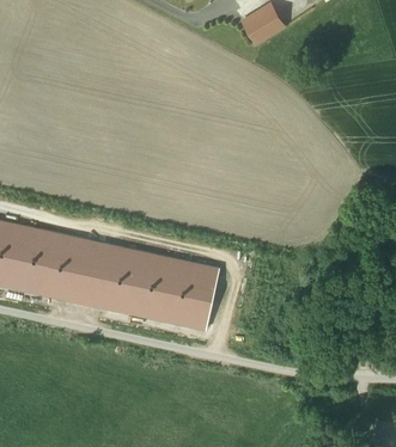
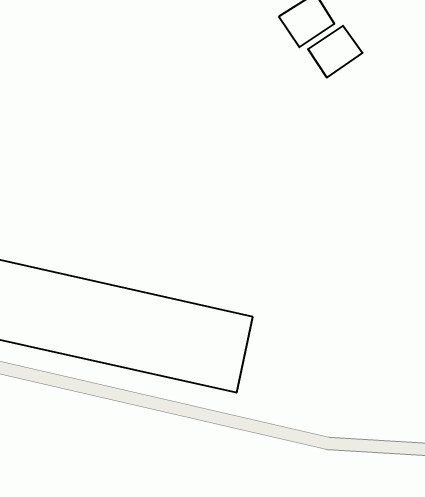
building: none -> [308,26,363,78]

